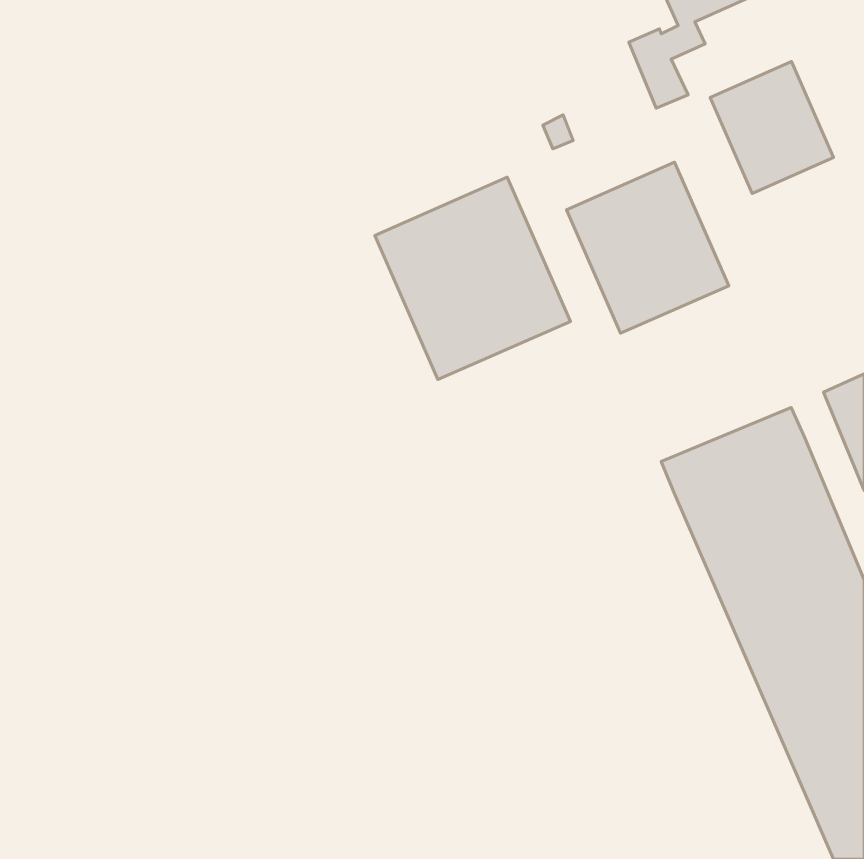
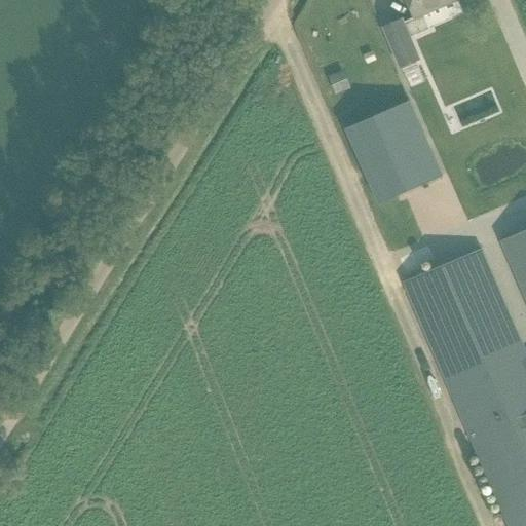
building: [710,62,834,193] -> none
building: [375,177,570,380] -> none

